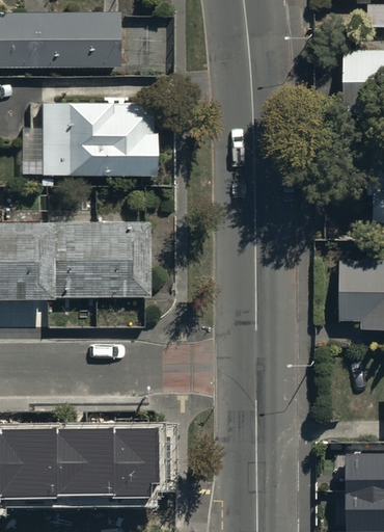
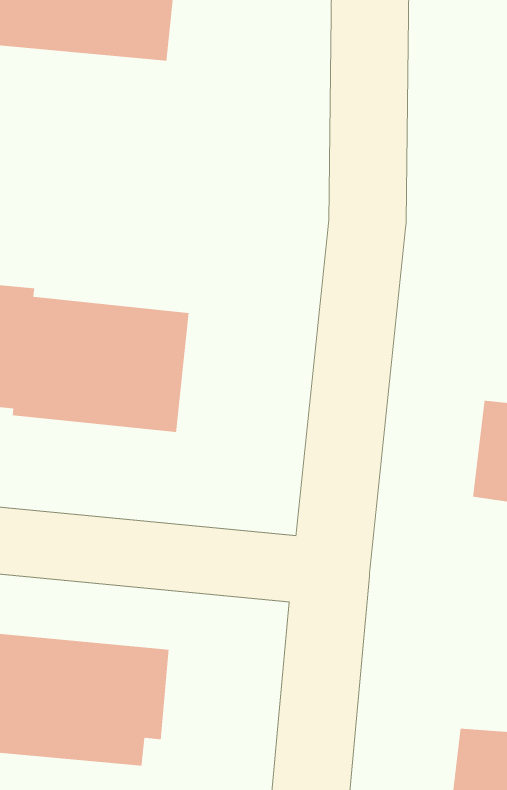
building: [29,101,156,175] -> none

